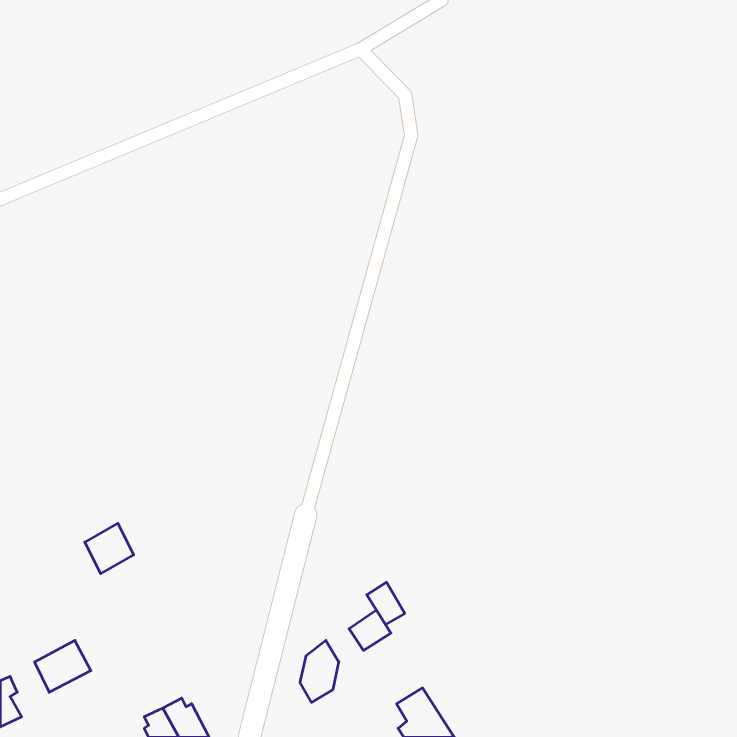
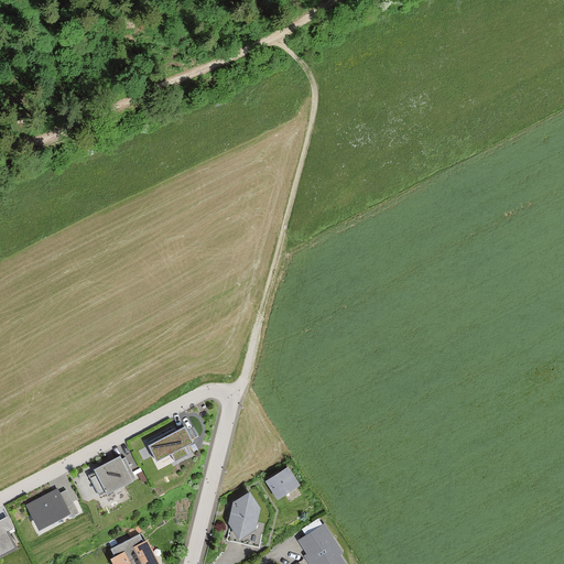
building: [85,523,134,574] -> [95,456,132,495]
building: none -> [149,427,193,462]
building: [367,582,405,625] -> none

